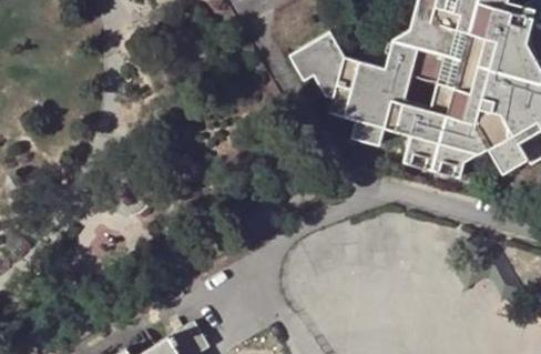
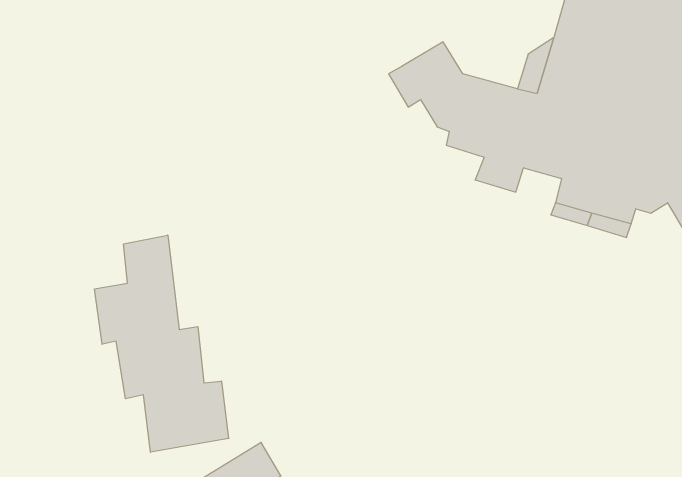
building: none -> [95,235,229,452]

